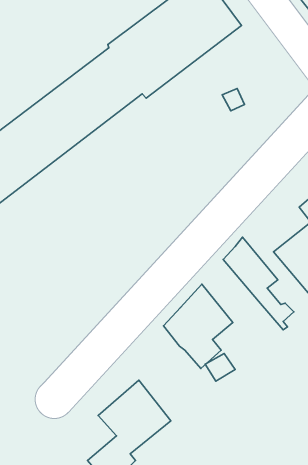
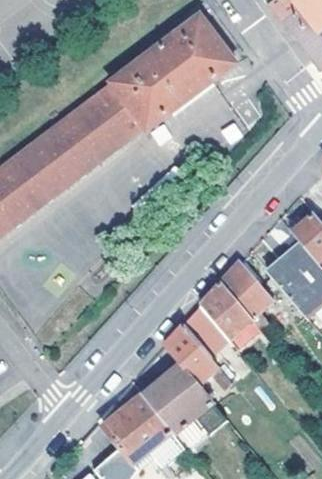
building: none -> [200,280,253,339]
building: none -> [141,361,225,433]

